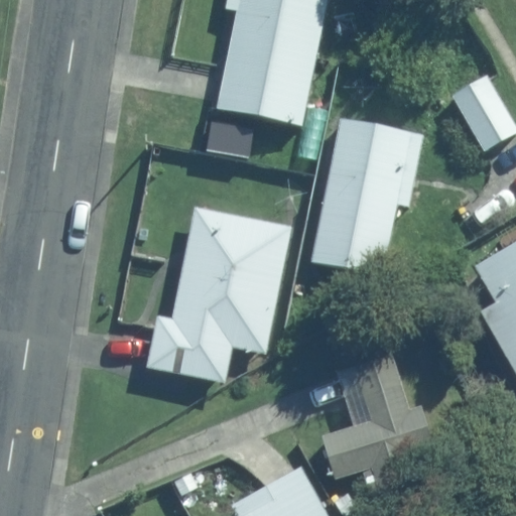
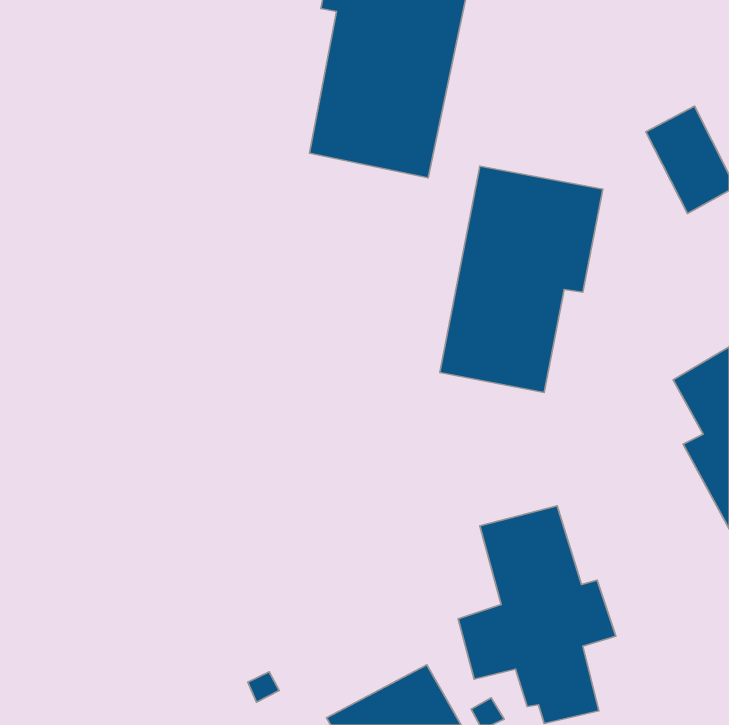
building: [144,206,291,383] -> none

